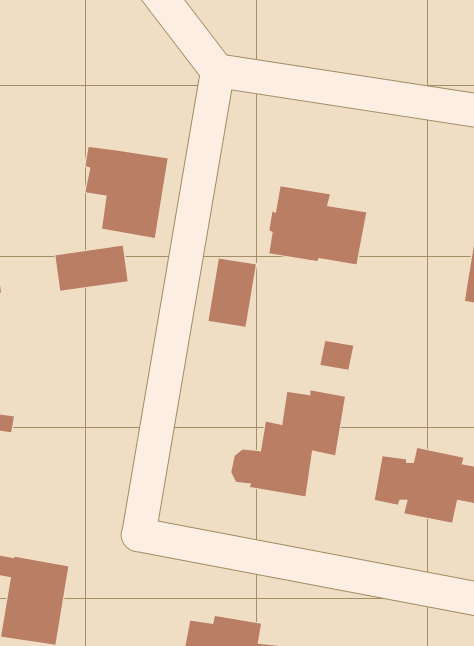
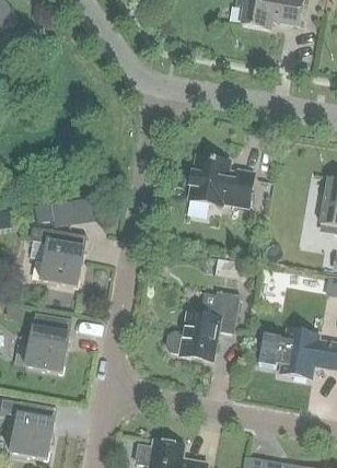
building: [85,147,169,239] -> [30,226,85,288]
building: [208,258,256,328] -> none
building: none -> [25,313,71,373]

